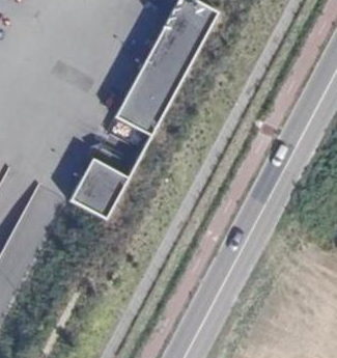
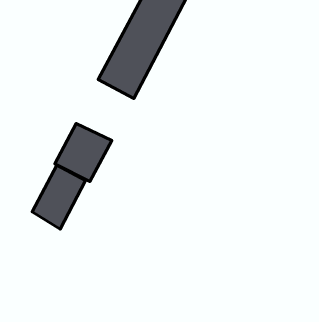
building: none -> [32,165,85,229]

